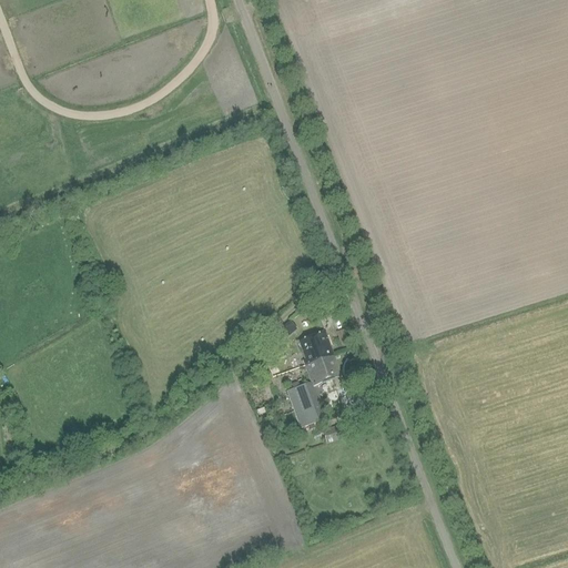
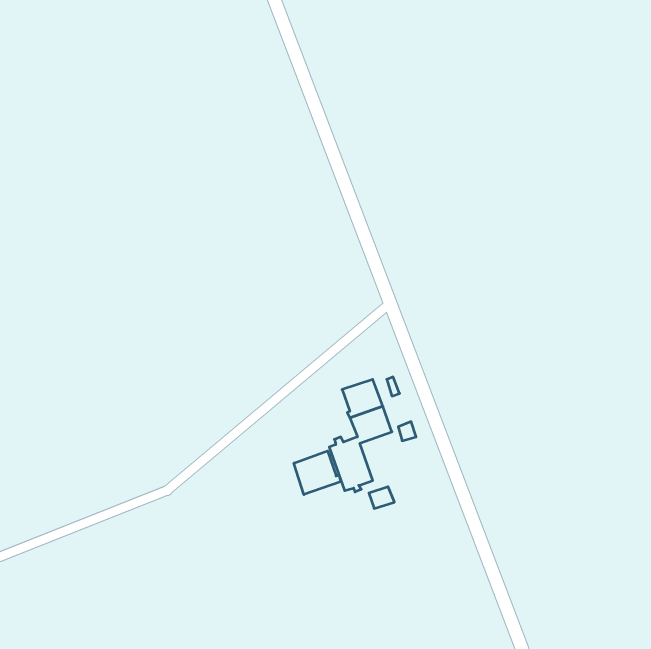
building: none -> [294,451,341,495]

